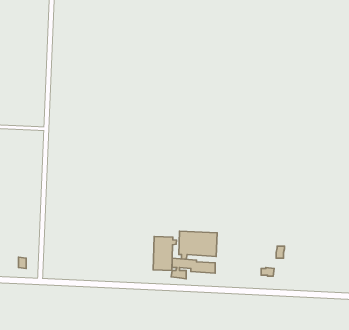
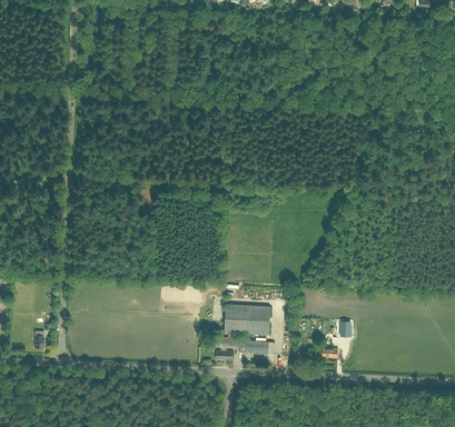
building: [153,237,176,270] -> none

